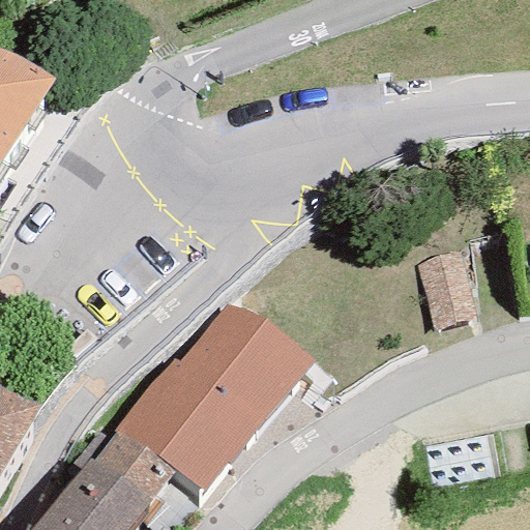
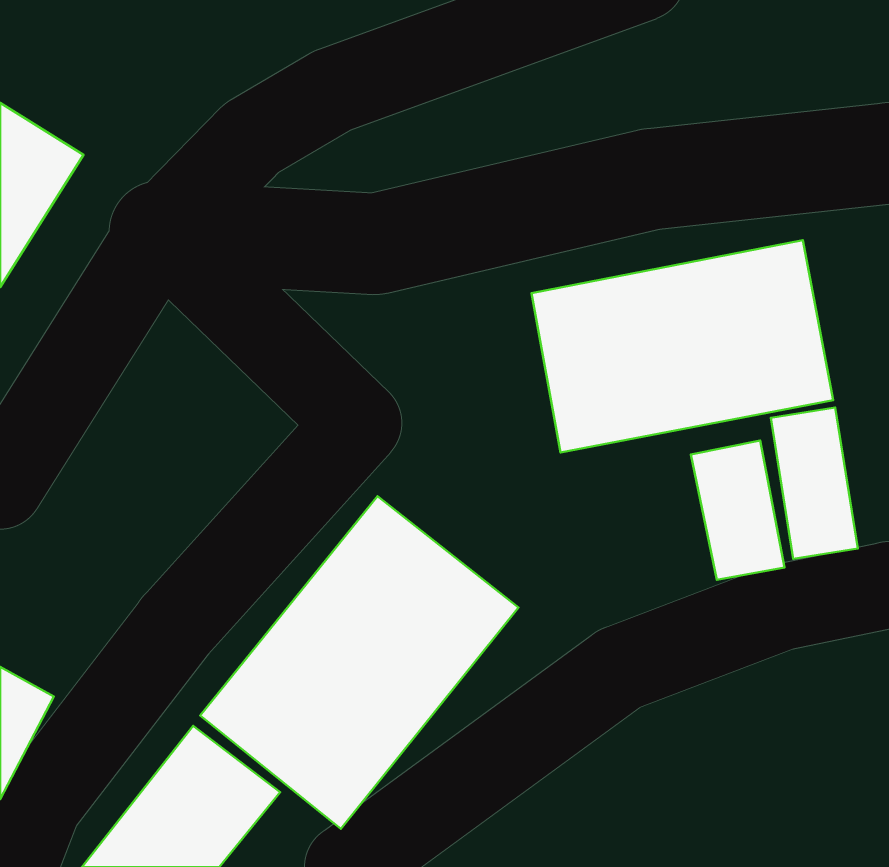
building: none -> [531,240,833,452]

